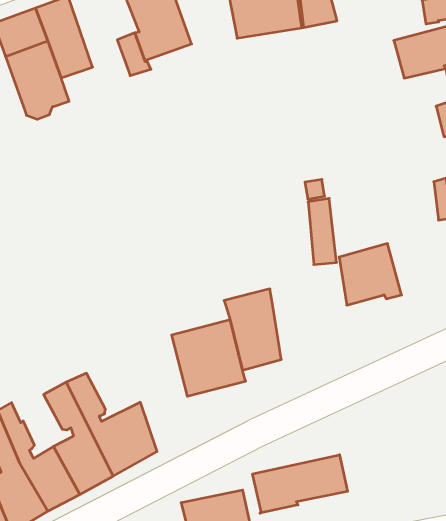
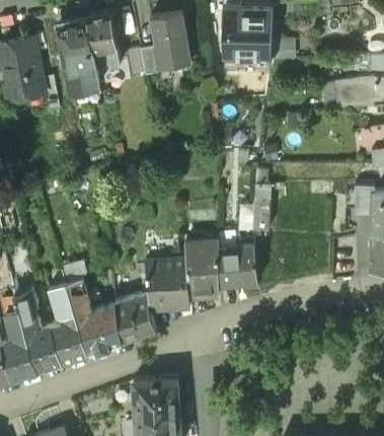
building: [339,244,402,305] -> [219,244,258,283]
building: none -> [116,294,155,342]
building: [253,455,348,513] -> none

